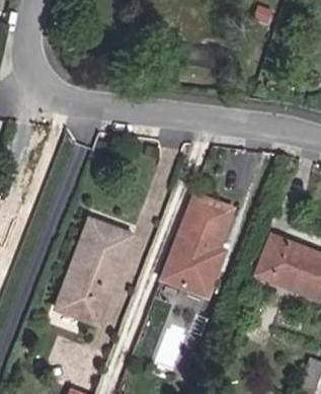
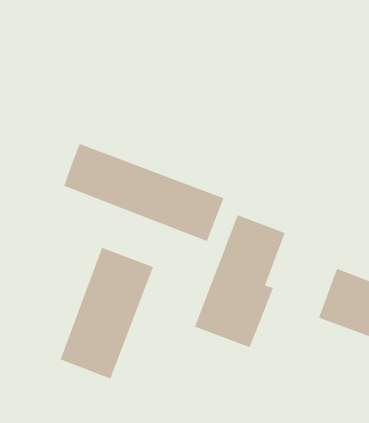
building: none -> [63,143,224,242]

